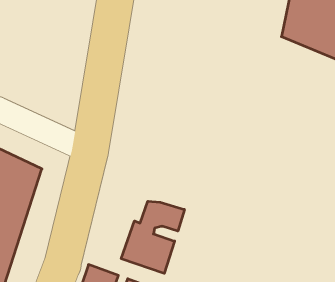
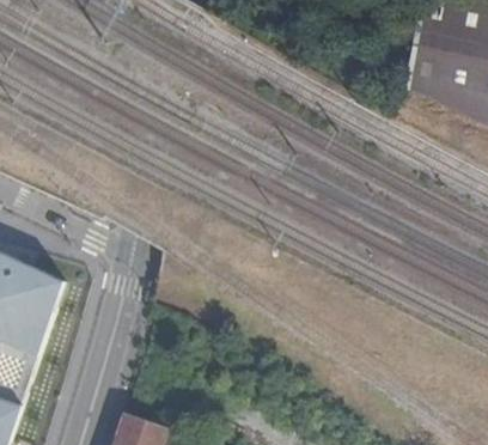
building: [121,201,184,273] -> none

